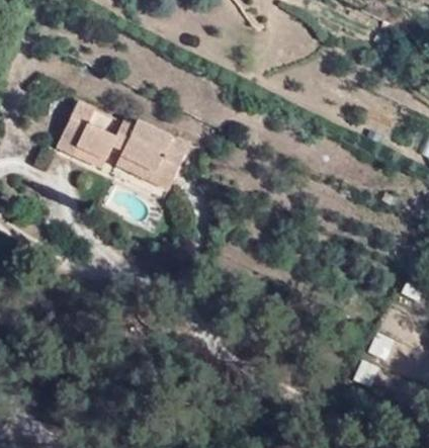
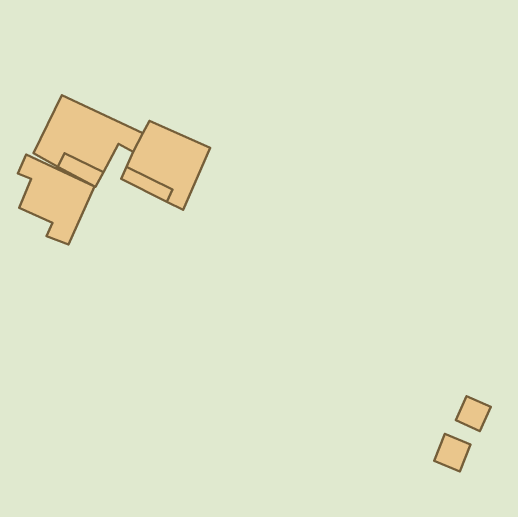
building: none -> [18,155,95,244]

